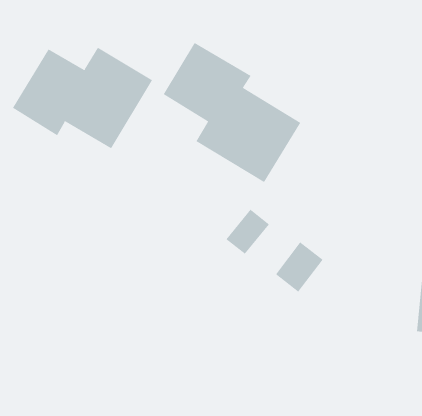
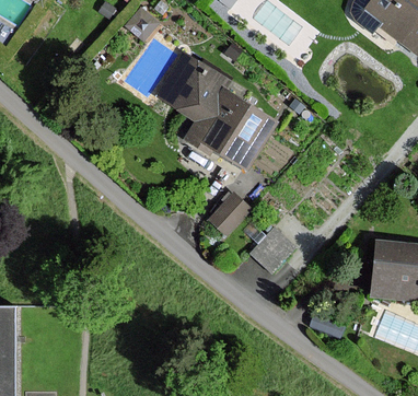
building: [12,47,153,149] -> none

